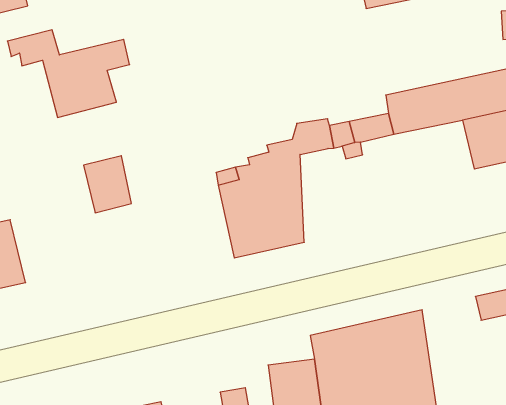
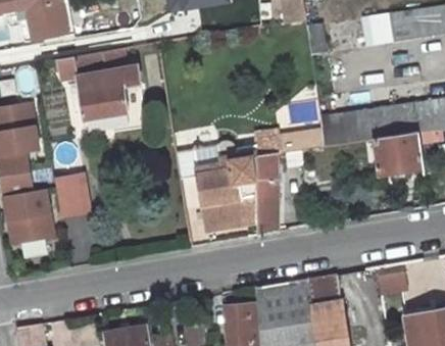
building: none -> [256,152,278,235]
building: [84,156,131,213] -> [55,171,88,211]

